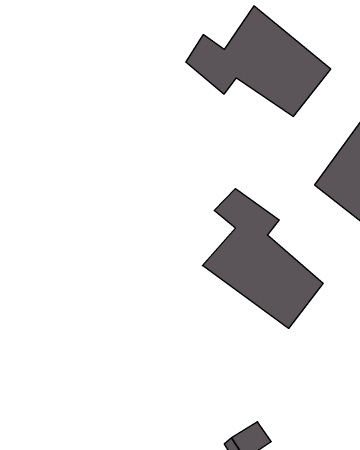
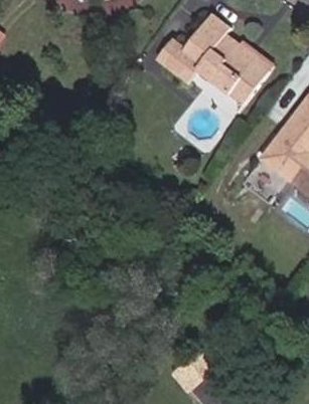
building: [202,189,323,328] -> none

